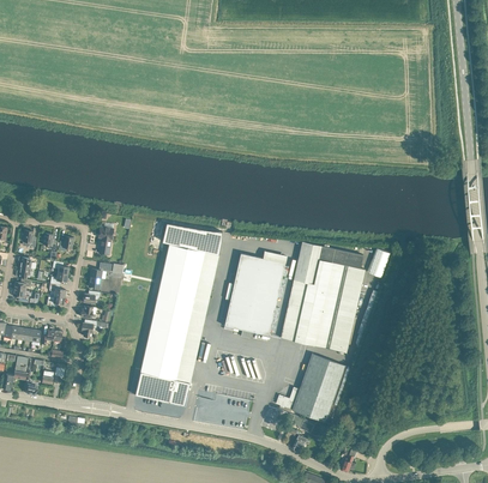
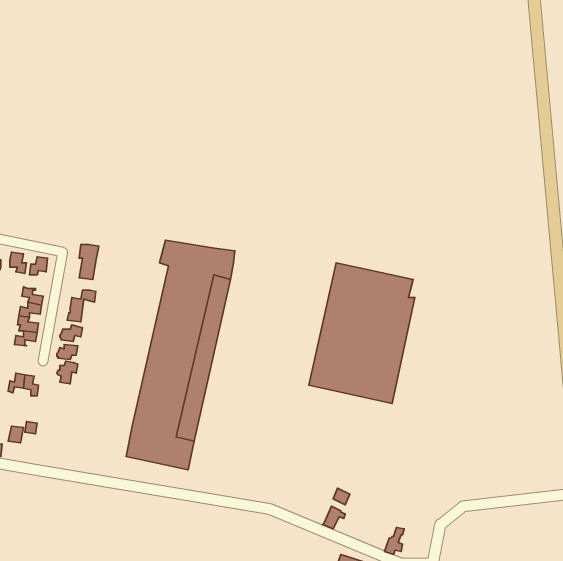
building: [224,253,285,338] -> none
building: [276,354,345,422] -> none

